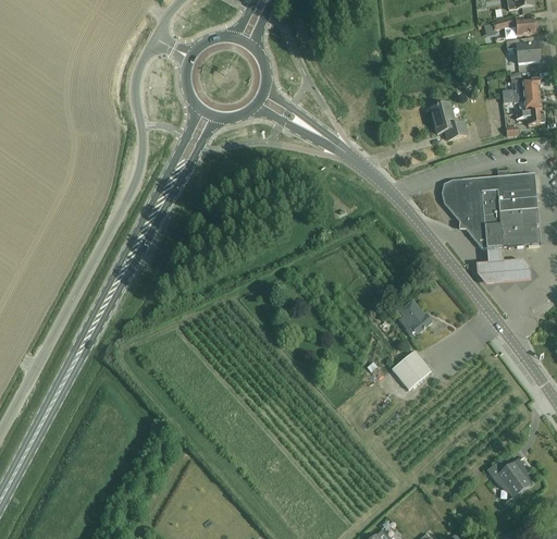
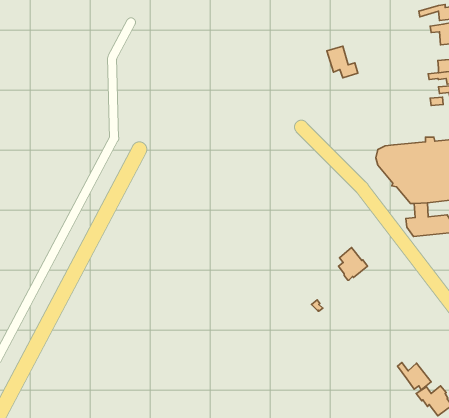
building: [431,102,467,139] -> [327,46,358,78]
building: [392,347,431,387] -> none
building: none -> [397,363,431,390]

